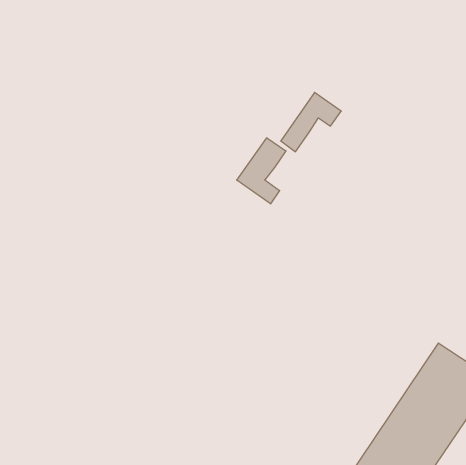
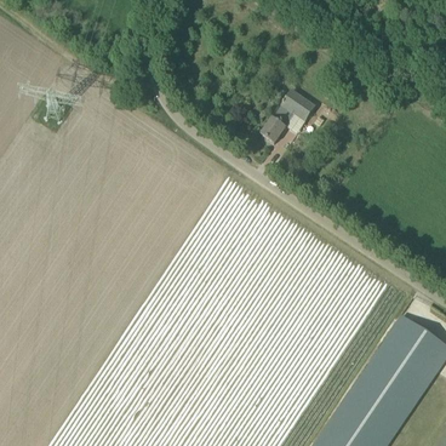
building: [237,138,286,204] -> none

